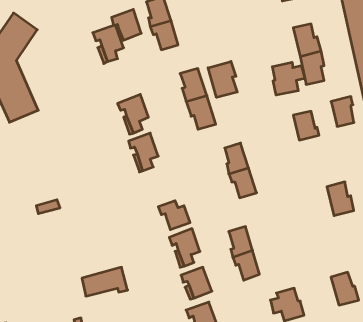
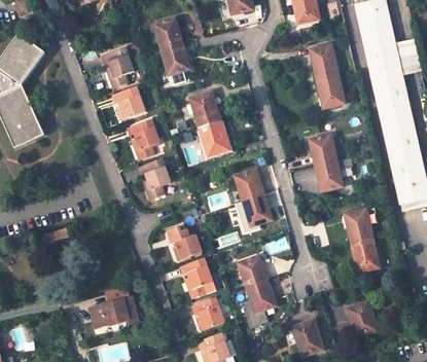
building: [112,9,141,40] -> [113,86,144,118]
building: [208,61,237,97] -> none
building: [272,62,305,95] -> none
building: [331,97,354,126] -> [316,161,340,192]
building: none -> [352,240,377,274]

